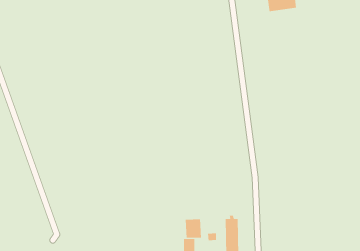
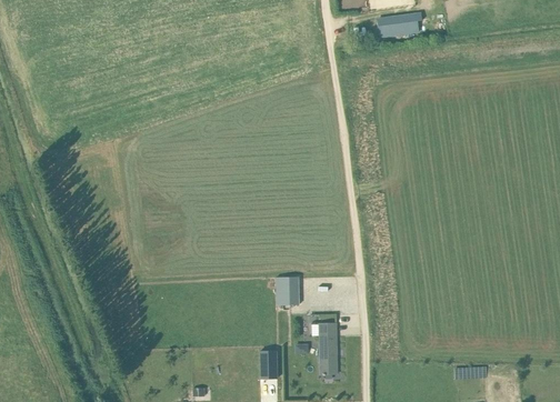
building: [185,219,202,238] -> [276,277,299,303]

